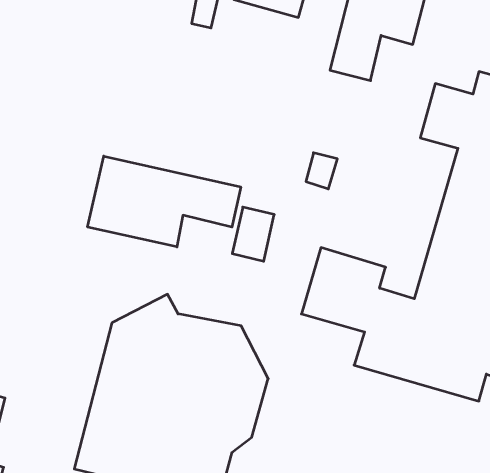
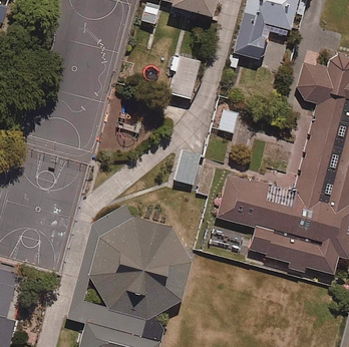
building: none -> [169,51,199,93]
building: [88,156,241,247] -> none

